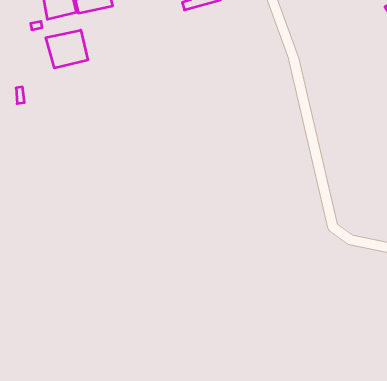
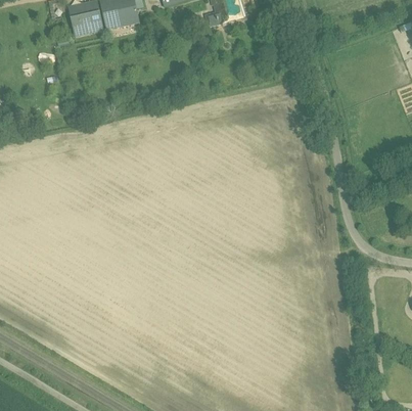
building: [46,30,88,68] -> none

